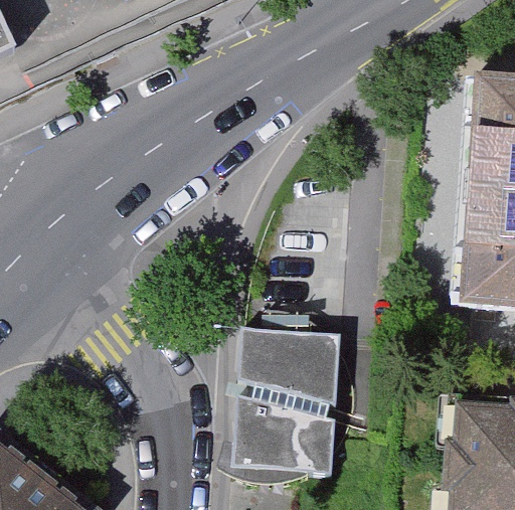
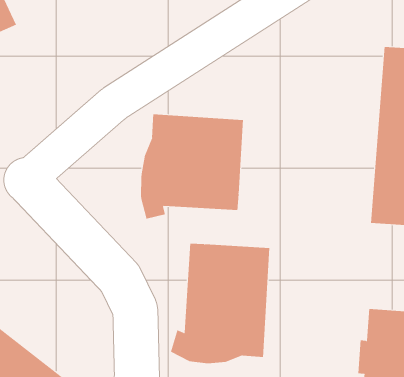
building: none -> [141,114,244,220]

